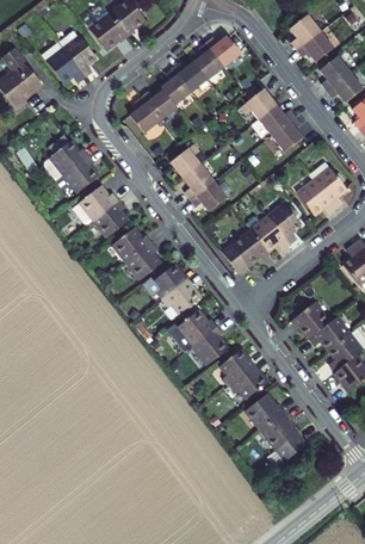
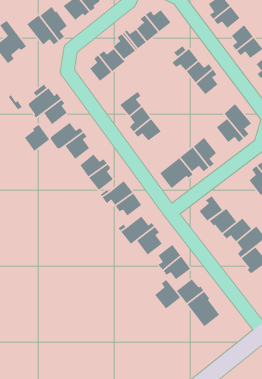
building: none -> [24,124,50,152]
building: none -> [198,195,223,222]
building: none -> [154,279,181,310]

